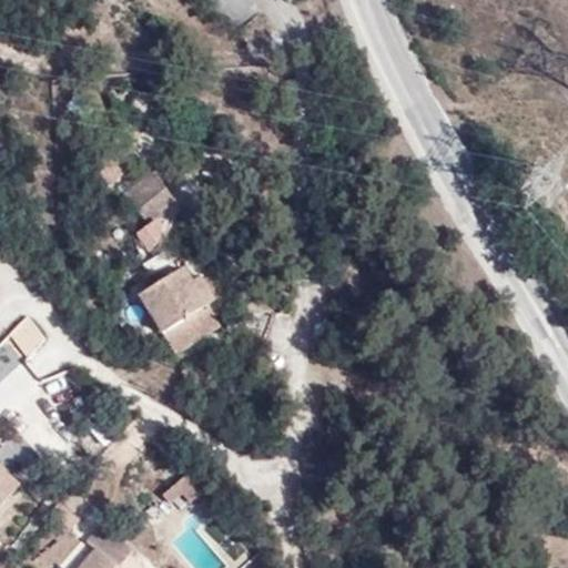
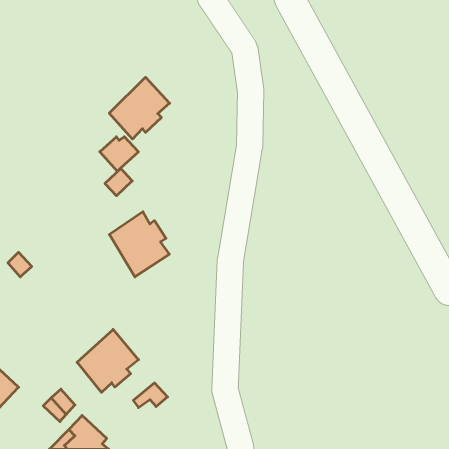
building: none -> [109,77,170,139]
building: none -> [77,329,139,392]

